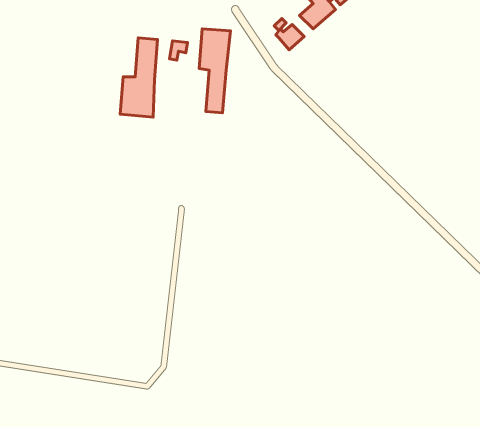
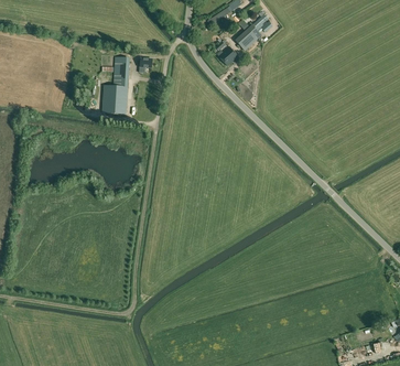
building: [199,29,231,113] -> none

